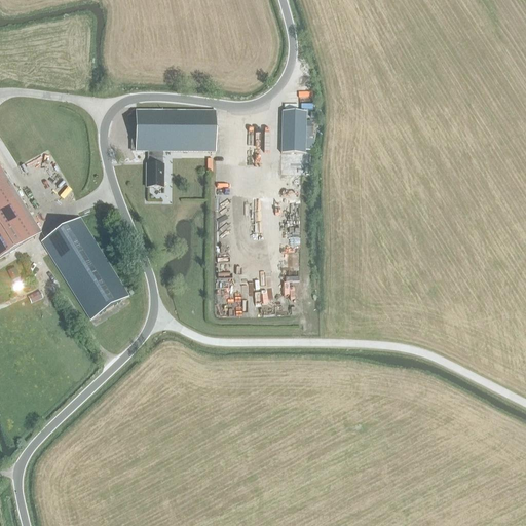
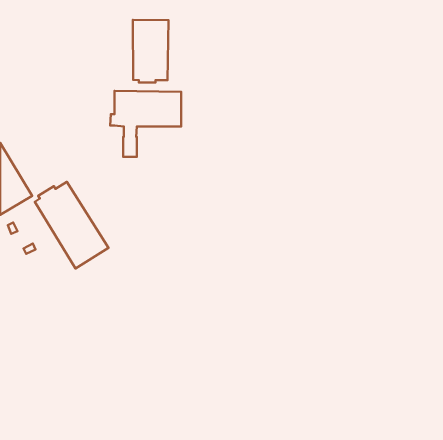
building: none -> [133,20,168,82]
building: [280,109,306,151] -> none

